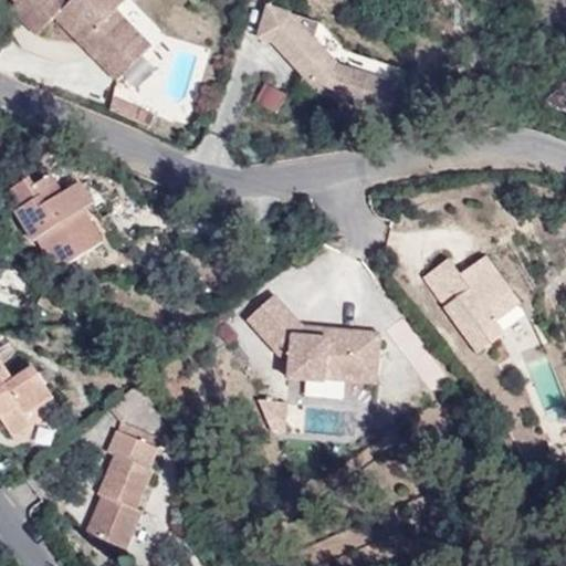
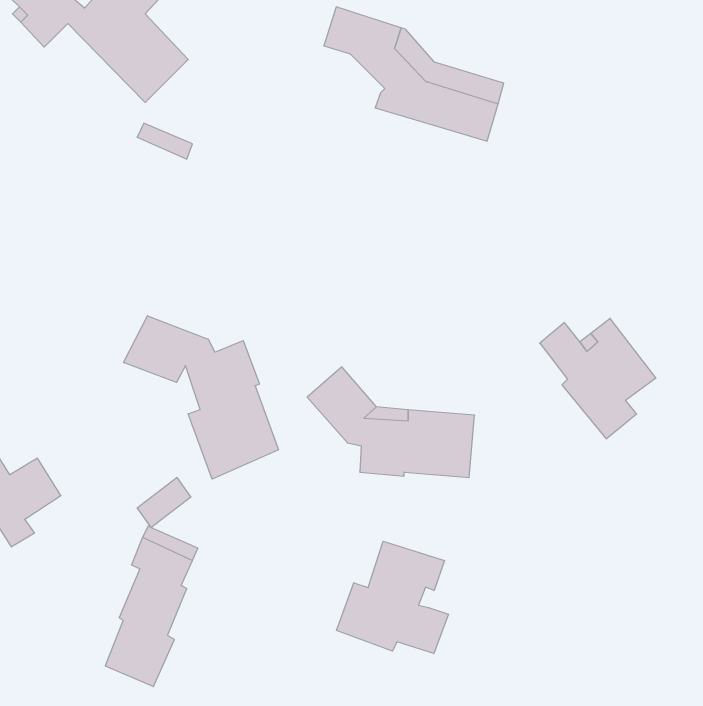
building: [6,175,117,268] -> none
building: none -> [124,316,278,479]
building: none -> [336,541,448,654]

